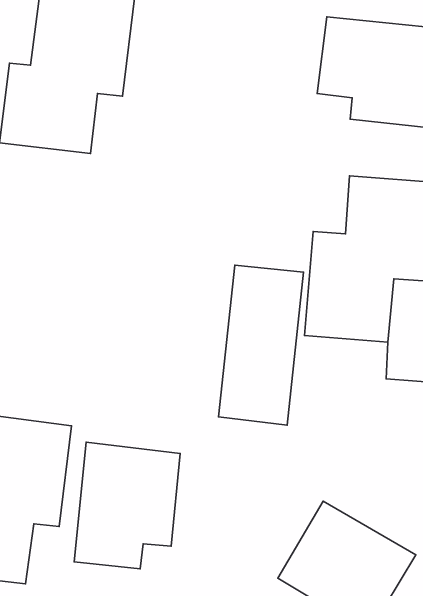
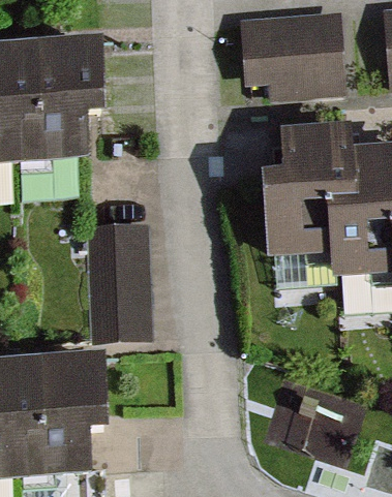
building: [218,265,304,425] -> [89,228,146,343]
building: [74,442,180,569] -> none

